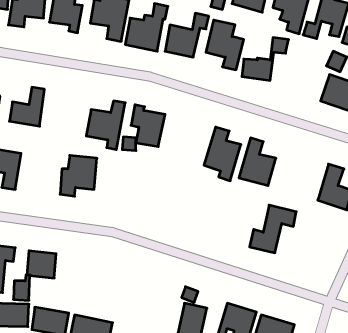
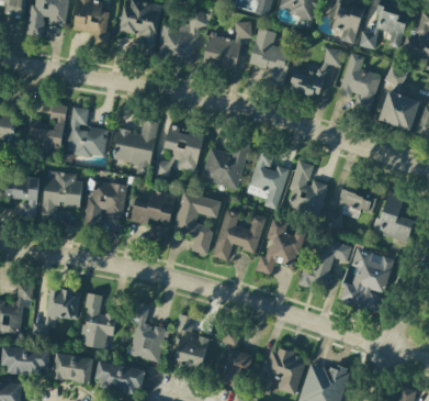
building: none -> [338,52,381,108]
building: none -> [67,107,108,156]
building: none -> [201,140,250,189]
building: none -> [43,171,80,218]
building: none -> [327,182,377,229]
building: none -> [131,189,172,242]
building: none -> [174,191,221,254]
building: none -> [213,209,266,259]
building: none -> [256,218,305,274]
building: none -> [339,247,394,311]
building: none -> [81,292,116,348]
building: none -> [131,301,167,361]
building: none -> [173,313,208,368]

